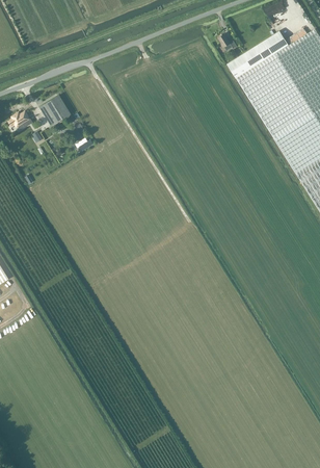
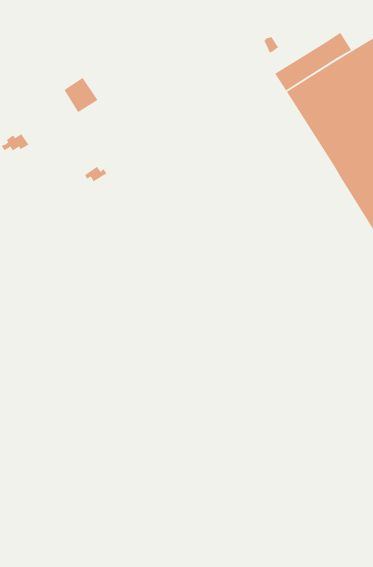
building: [44,95,72,124] -> [63,77,99,113]

